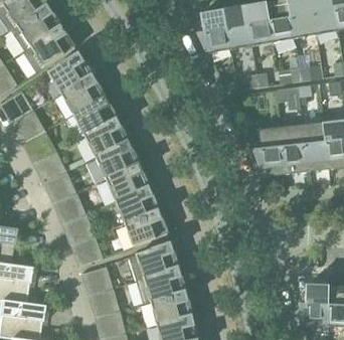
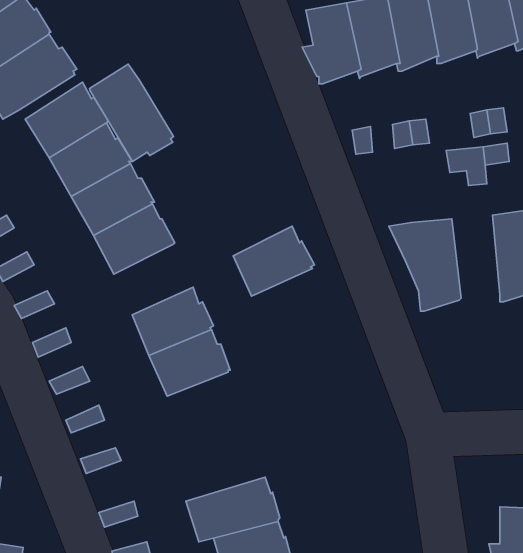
building: none -> [89,64,174,161]
building: [280,124,306,173] -> none
building: [96,140,140,178] -> [233,226,314,296]
building: [125,209,168,245] -> none
building: [128,241,179,280] -> none

